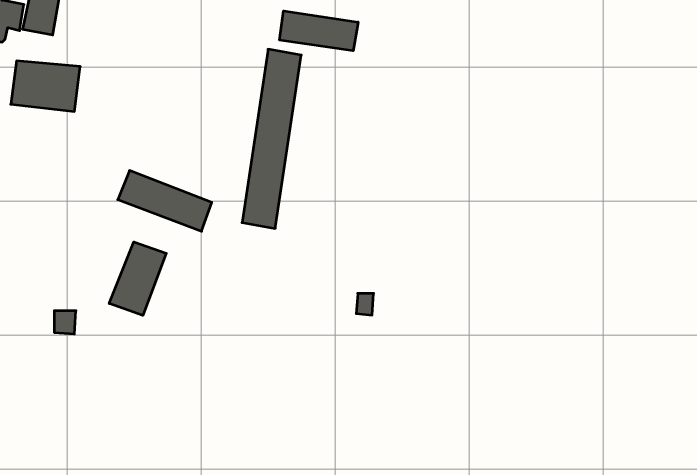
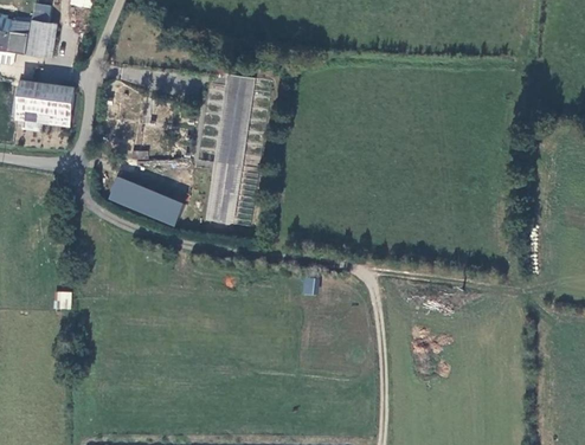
building: [280,11,358,51] -> none
building: [109,242,166,315] -> none

